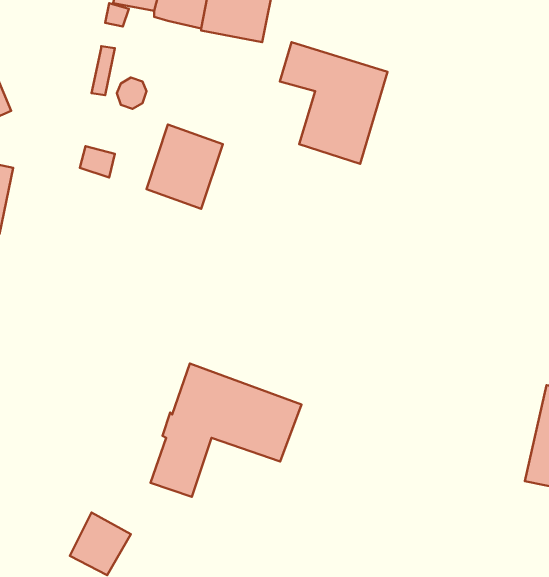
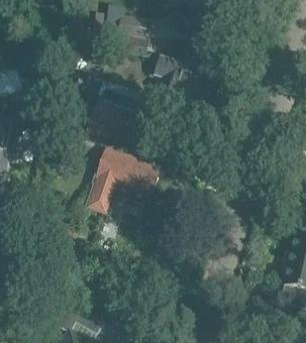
building: [151,363,302,497] -> [84,143,162,212]

